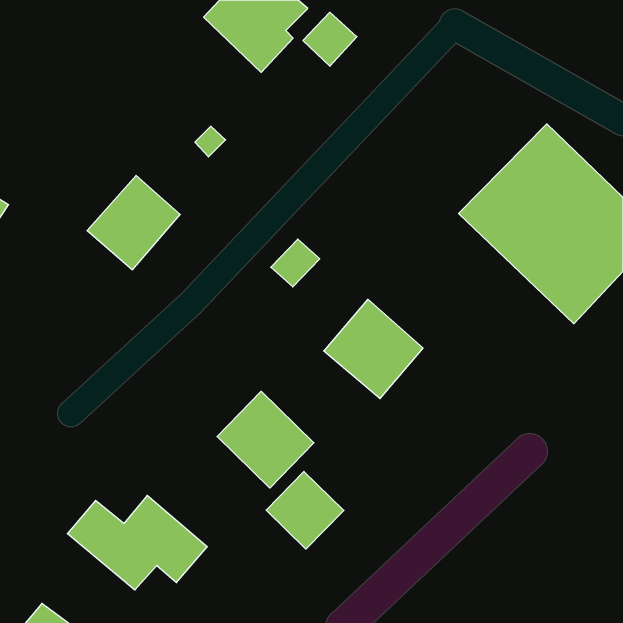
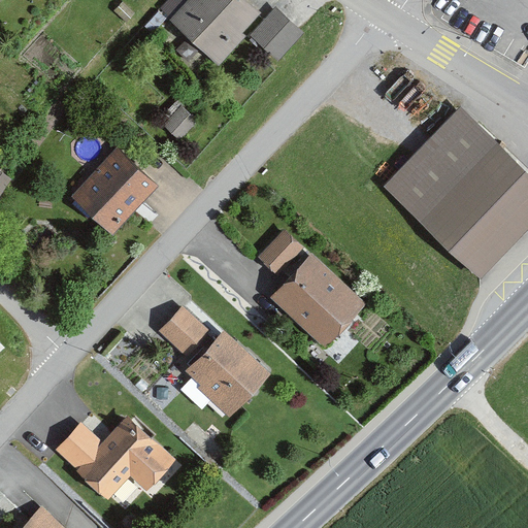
building: [271,239,320,287] -> [261,233,302,273]
building: none -> [160,309,204,354]
building: [266,471,344,549] -> none

